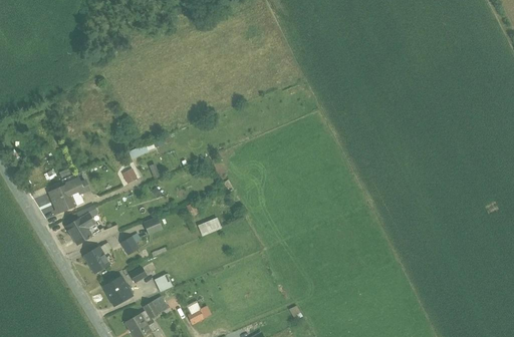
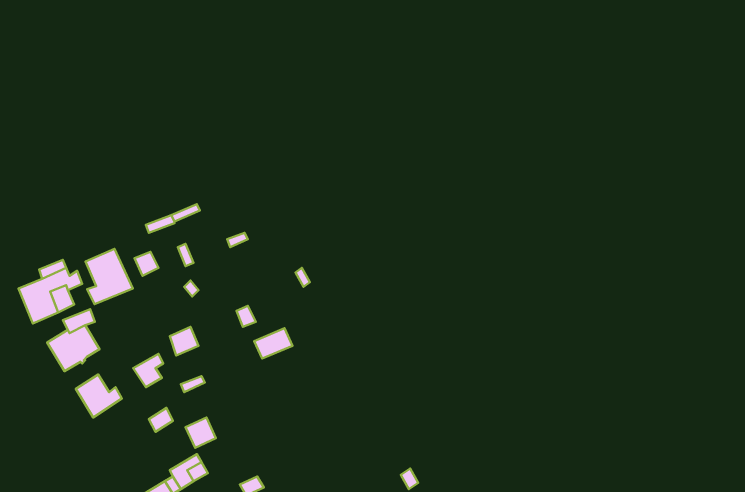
building: none -> [85,249,133,304]
building: [104,276,132,305] -> none

